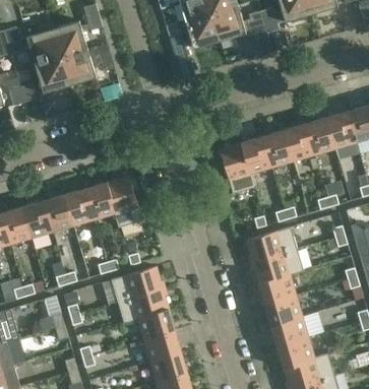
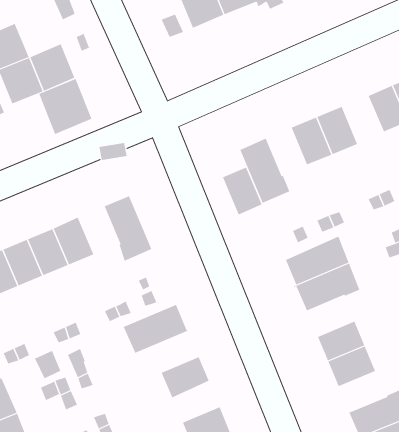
building: [53,20,87,57] -> none
building: none -> [39,78,92,135]
building: [305,118,335,155] -> none
building: [242,136,271,174] -> [222,167,262,215]
building: [85,182,116,219] -> none
building: [258,274,296,305] -> none
building: [118,287,169,324] -> none
building: [143,330,181,361] -> none
building: [276,337,314,368] -> none

